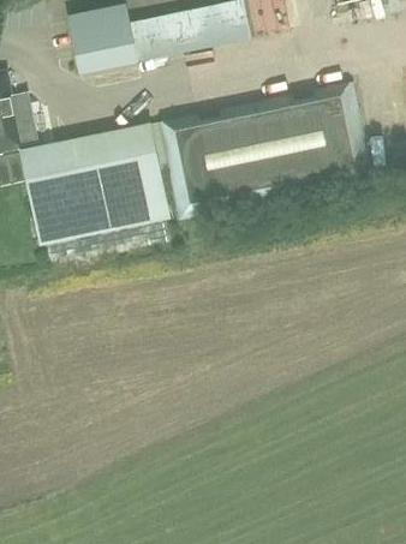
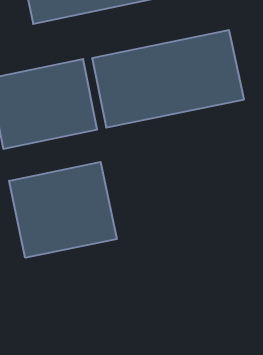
building: none -> [9,162,117,258]

